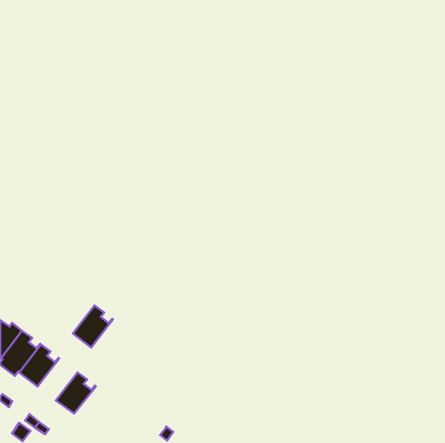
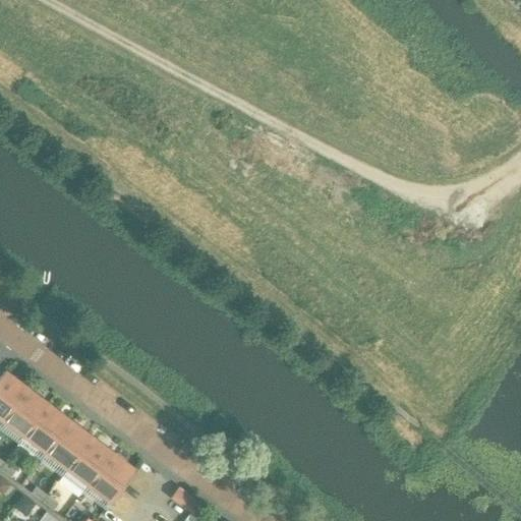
building: [73,306,113,347] -> [44,419,91,468]
building: none -> [86,452,130,501]

